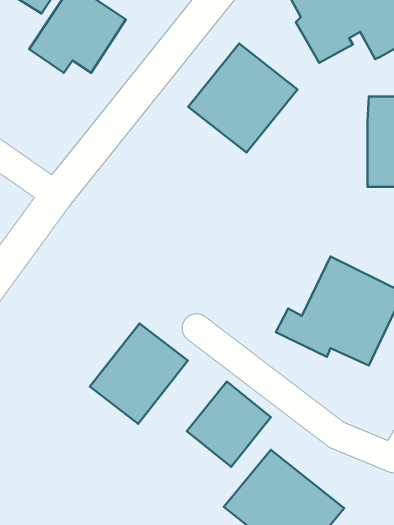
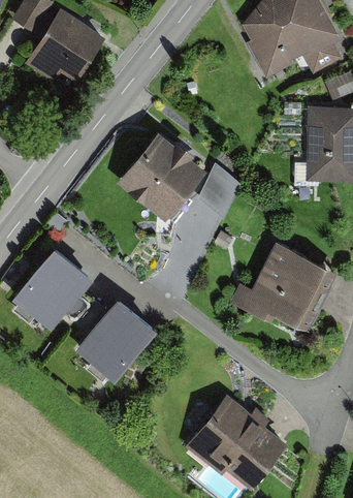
building: [188,43,297,153] -> [116,129,206,220]
building: none -> [11,243,94,328]
building: [187,381,271,467] -> none

